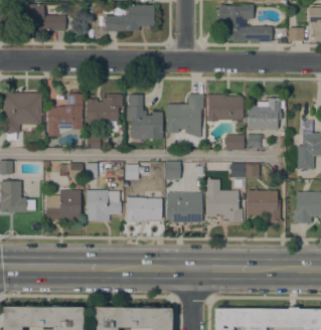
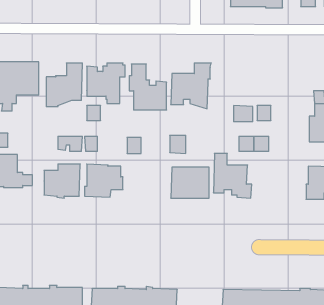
building: [207,94,243,121] -> none
building: [248,98,282,130] -> none
building: [247,190,281,221] -> none
building: [126,197,162,220] -> none

